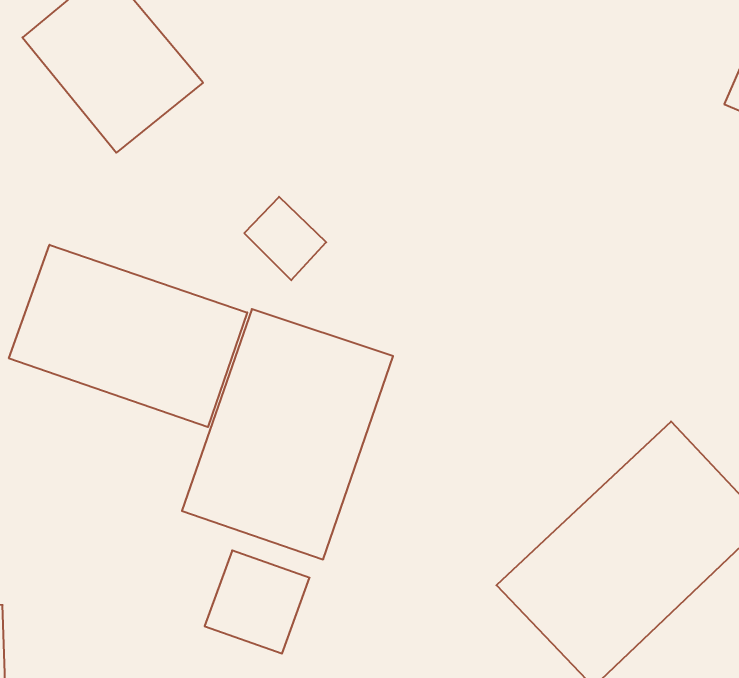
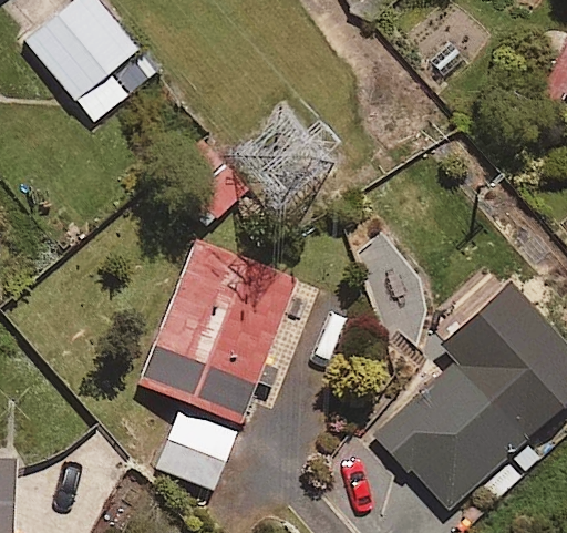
building: [9,245,247,427] -> none

